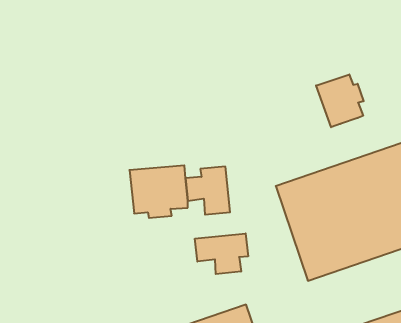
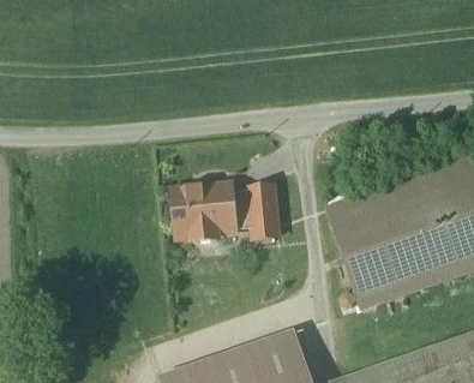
building: [316,74,364,127] -> none
building: [195,233,248,274] -> none

